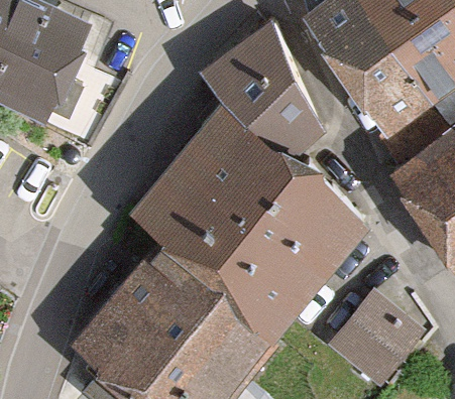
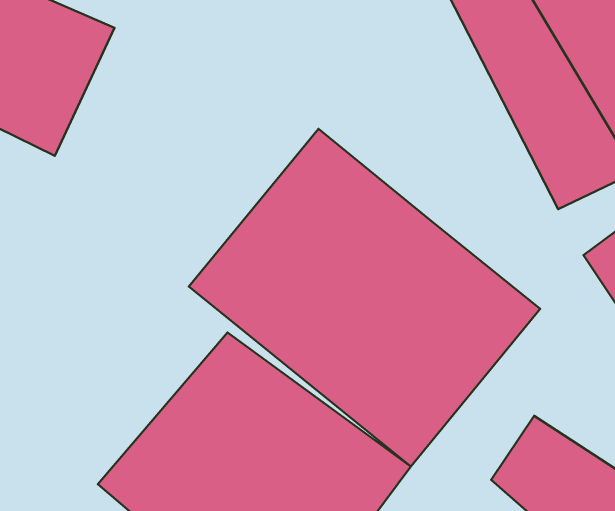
building: [203,27,328,162] -> none

